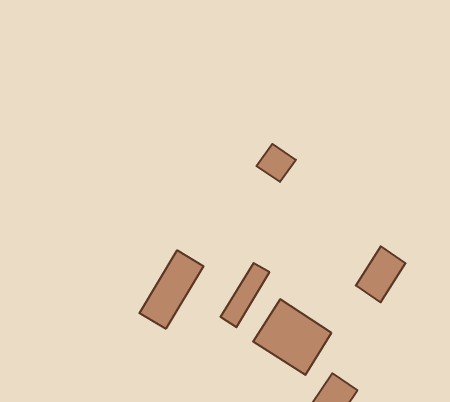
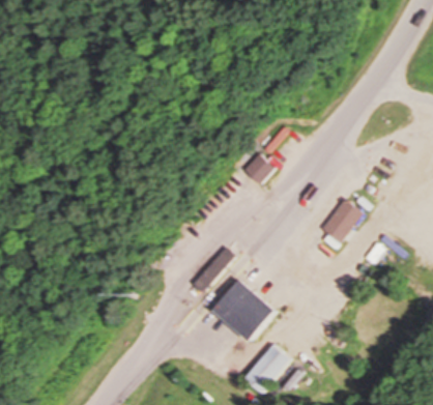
building: [356,246,406,302] -> [320,199,363,243]
building: [139,250,203,329] -> none

